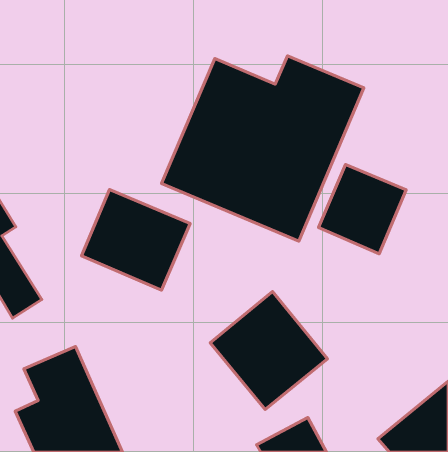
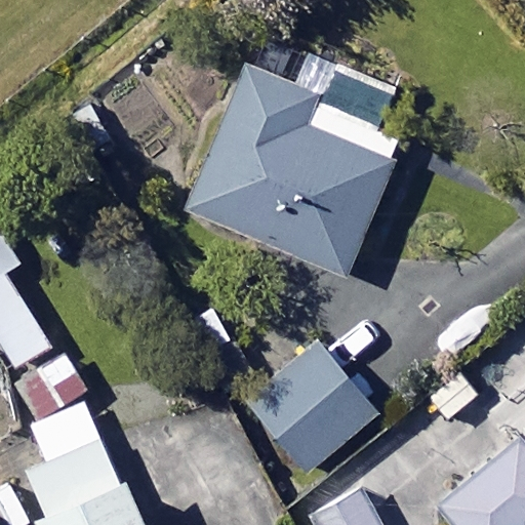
building: [318,164,406,254] -> none
building: [81,189,190,290] -> none

